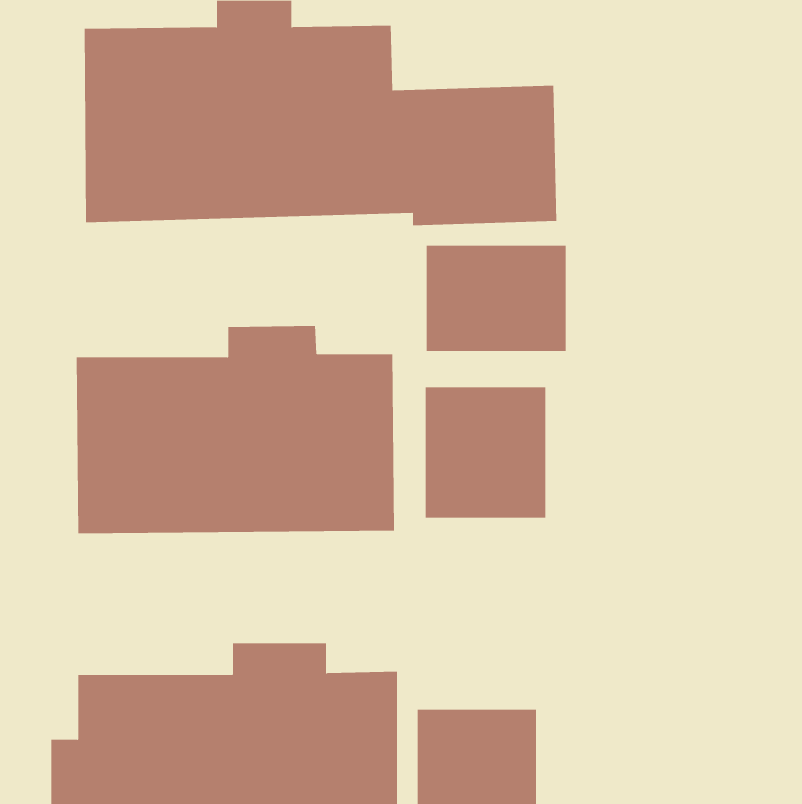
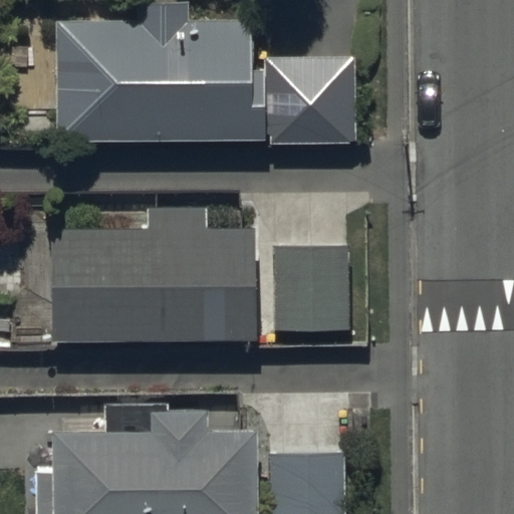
building: [426,245,566,352] -> none

